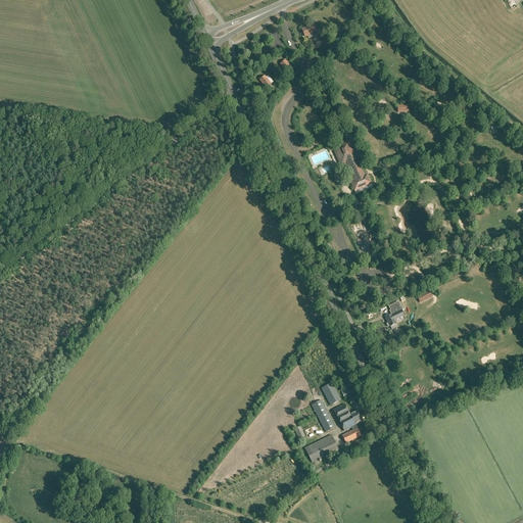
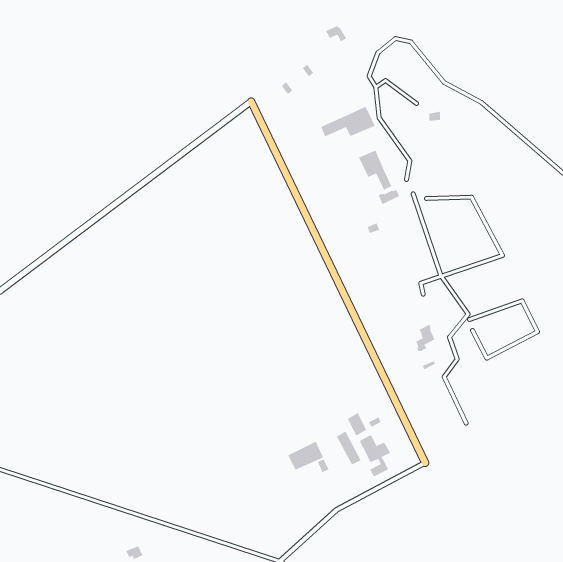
building: none -> [321,106,376,137]
building: [304,434,338,462] -> [288,441,324,471]

